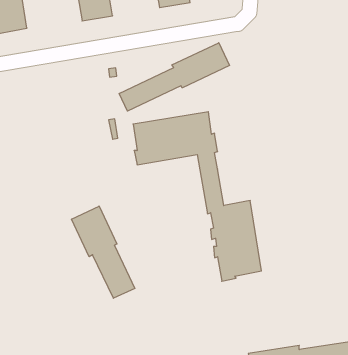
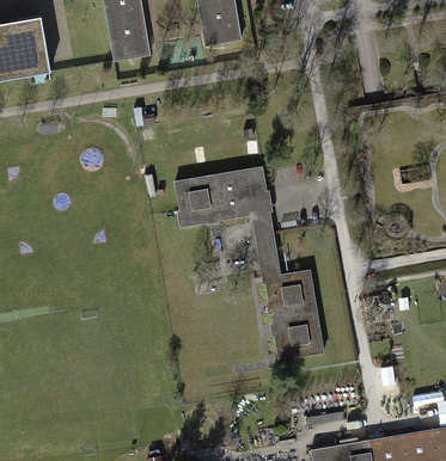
building: [119,43,229,111] -> none
building: [72,206,135,298] -> none

